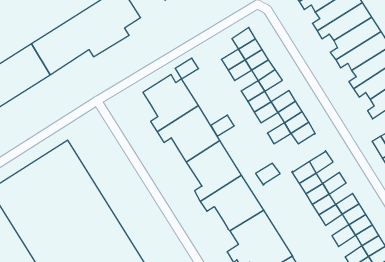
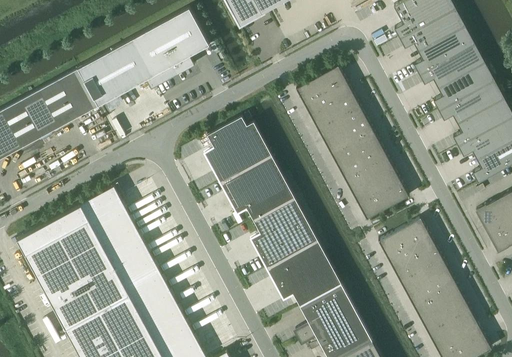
building: [175,58,199,79] -> [296,78,324,102]
building: none -> [317,117,345,141]
building: none -> [352,131,381,156]
building: [211,115,234,136] -> [345,169,373,193]
building: none -> [407,232,435,257]
building: [256,163,280,185] -> [359,195,388,220]
building: none -> [421,258,449,283]
building: none -> [414,295,442,320]
building: none -> [428,321,456,346]

